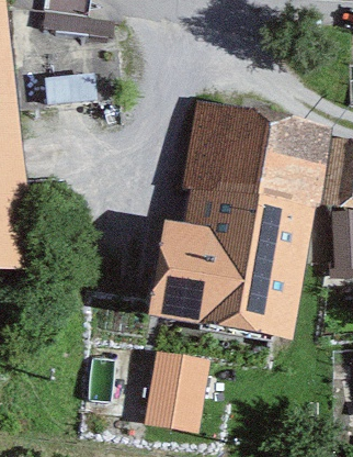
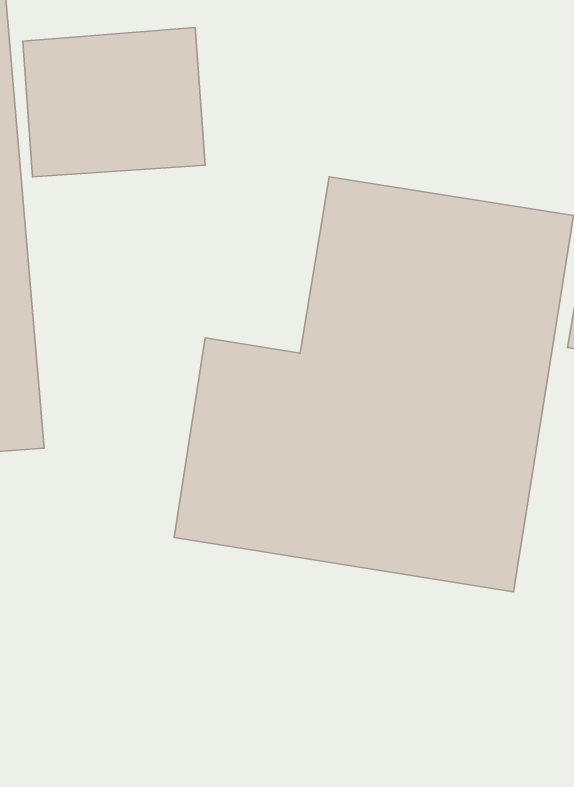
building: [145,348,210,431] -> none

